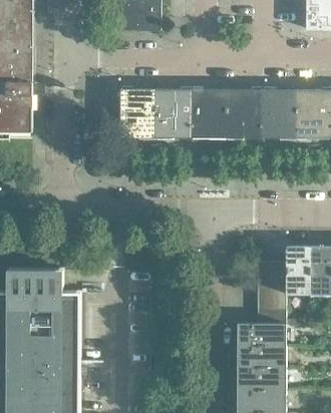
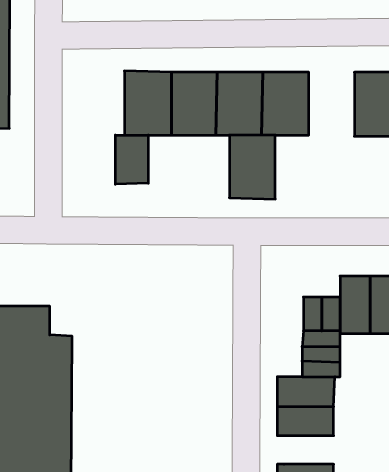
building: [262,90,297,139] -> [229,135,275,199]
building: none -> [115,135,148,184]
building: [238,369,281,391] -> none

